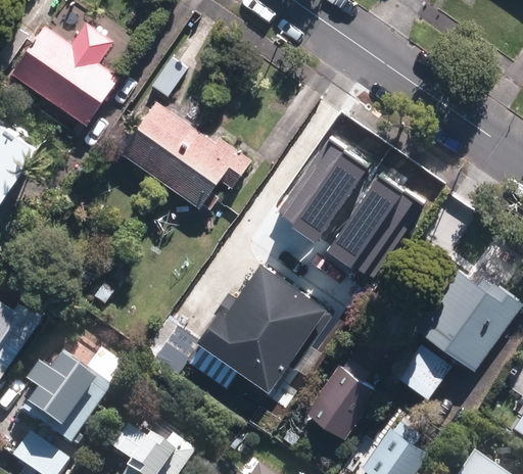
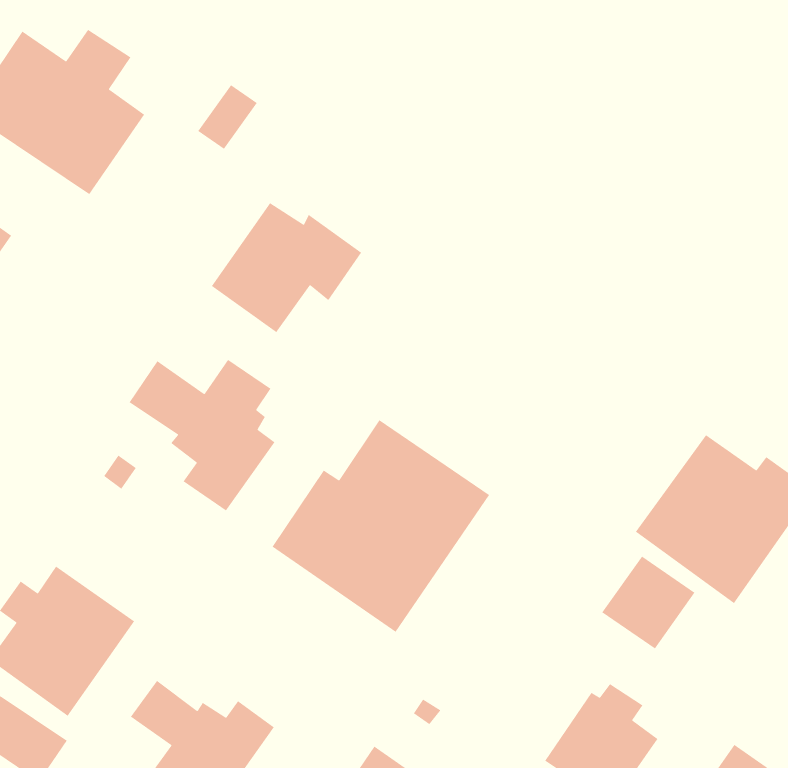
building: [120,102,194,181] -> none
building: [267,143,362,248] -> none
building: [318,177,420,288] -> none
building: none -> [128,359,275,511]
building: [304,360,378,441] -> none

